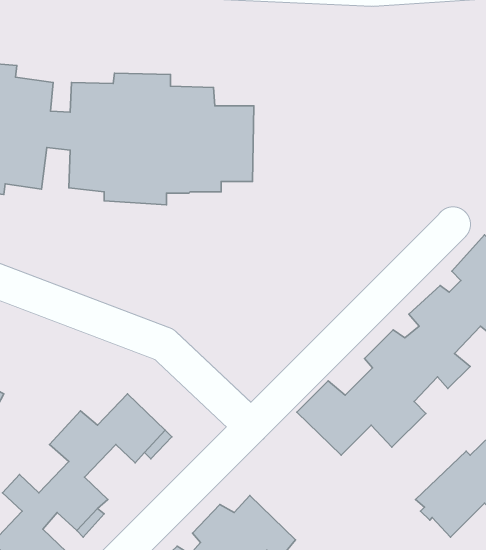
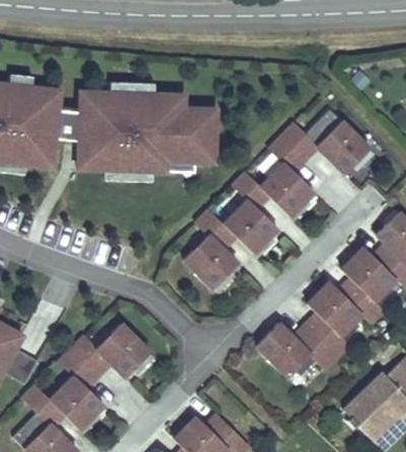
building: none -> [180,107,371,290]

